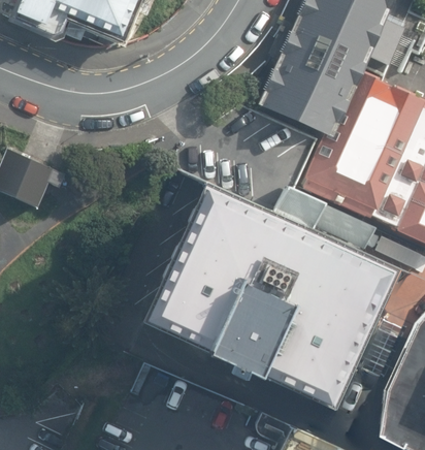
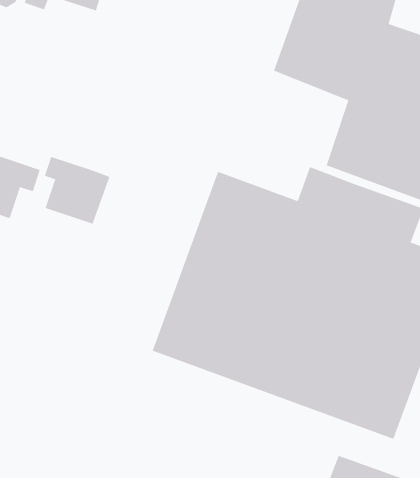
building: none -> [44,156,110,224]

